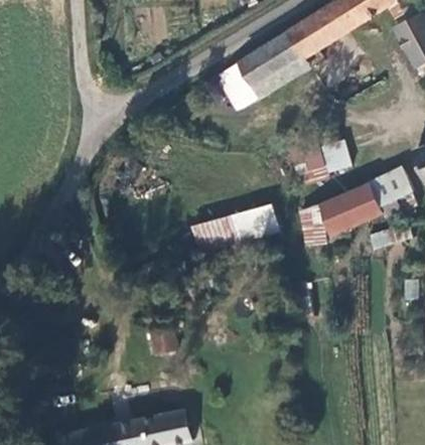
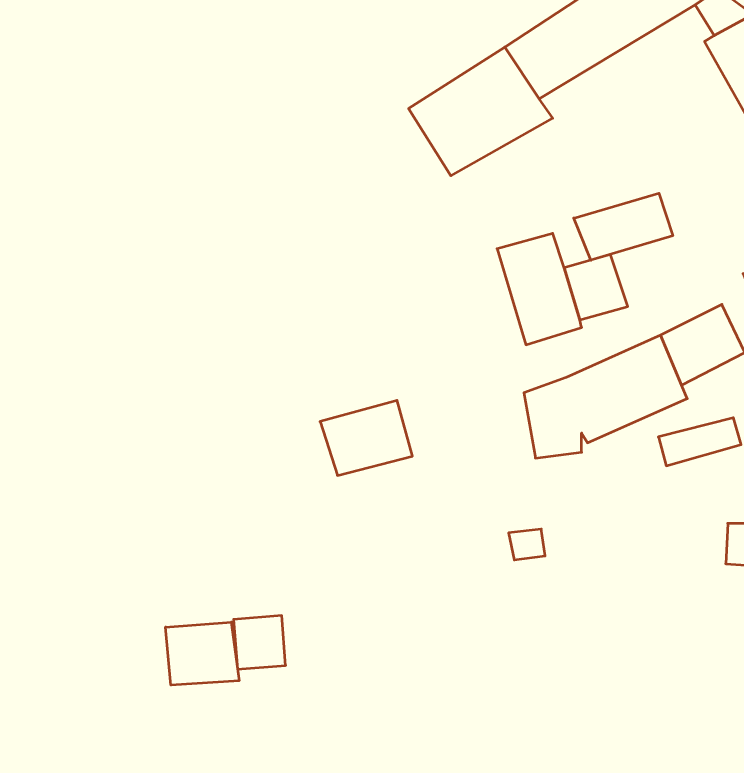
building: [217,61,261,111] -> none
building: none -> [574,193,673,260]
building: [233,202,282,244] -> none
building: none -> [166,622,239,685]

